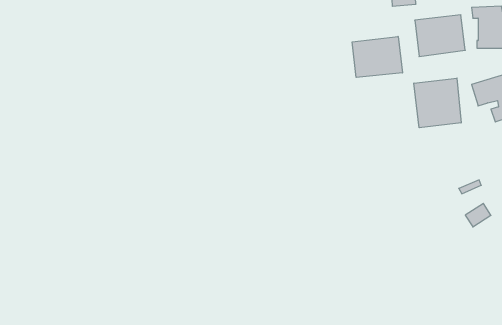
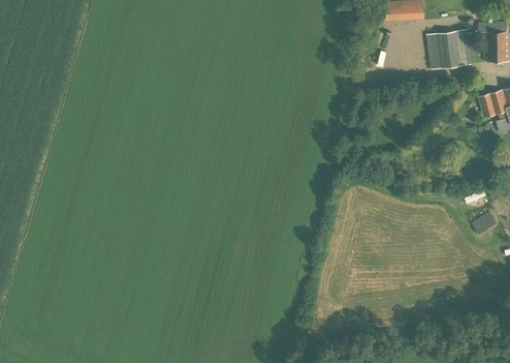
building: [352,36,402,77] -> none
building: [414,78,461,128] -> none

